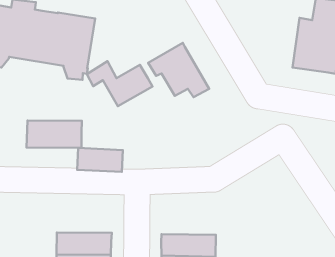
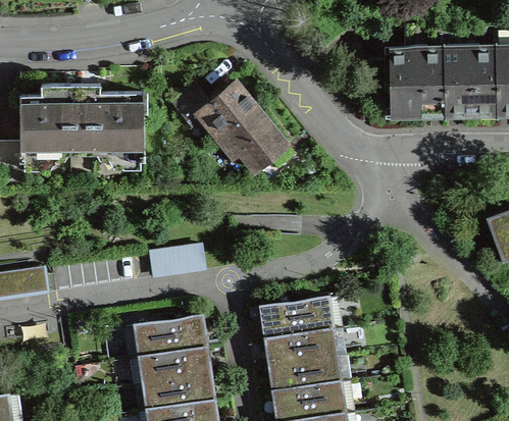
building: [87,61,153,106] -> [172,81,254,135]
building: [27,120,82,148] -> [136,314,206,357]
building: none -> [261,296,332,338]

